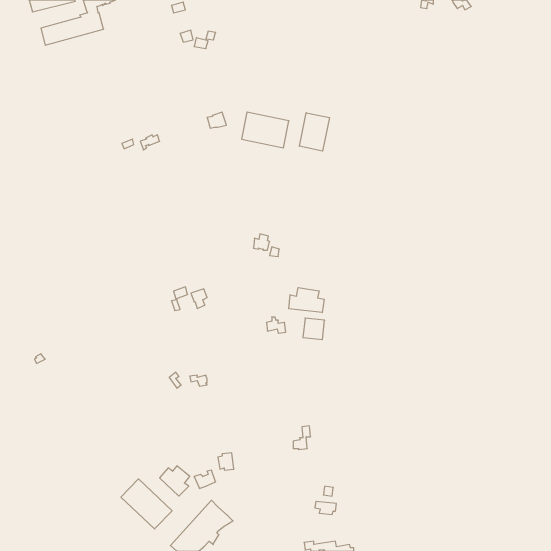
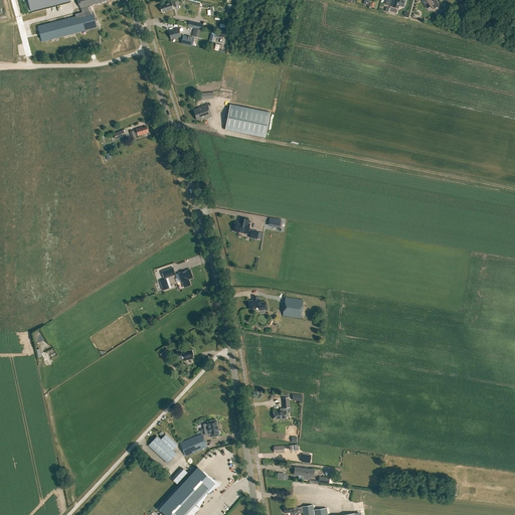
building: [299,113,329,151] -> none
building: [289,288,324,313] -> none
building: [121,479,172,529] -> none

